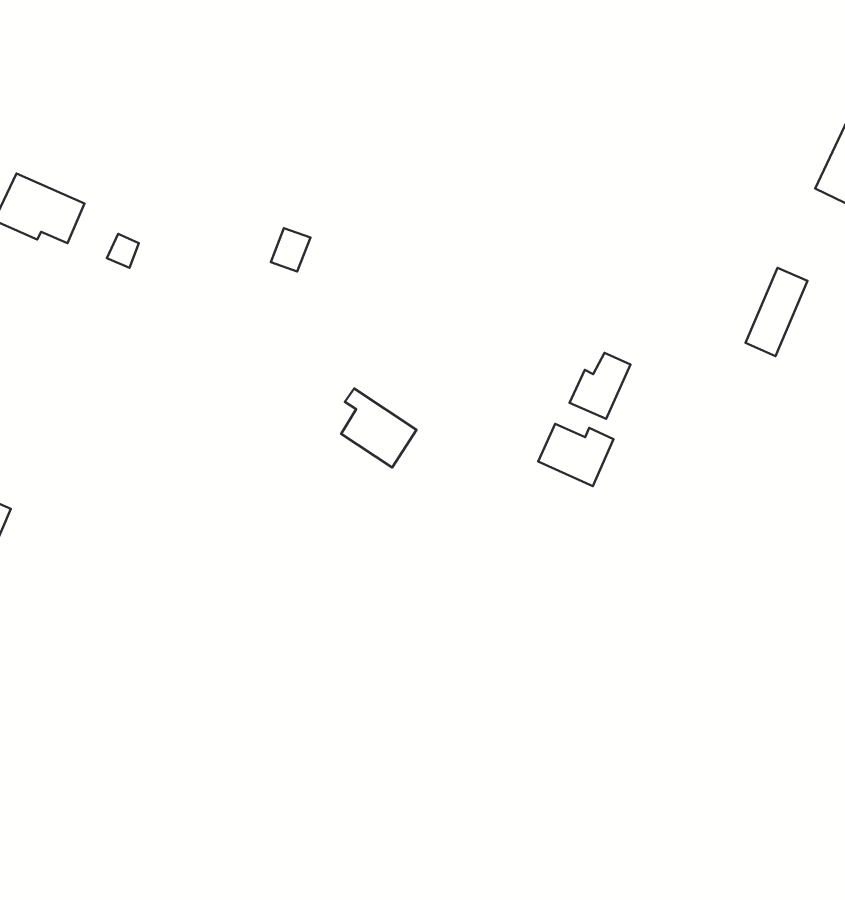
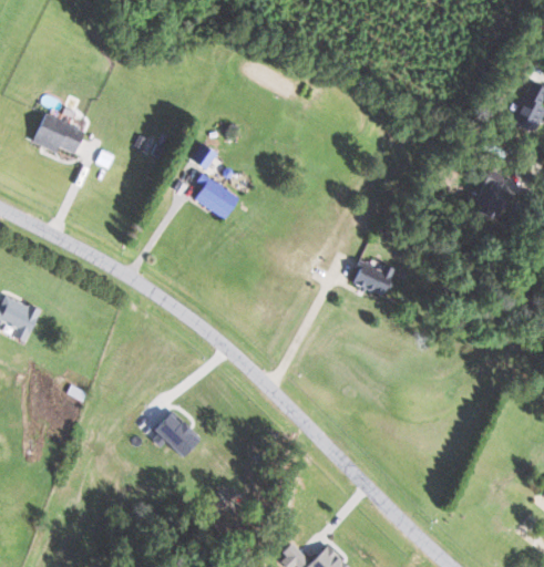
building: [570,353,630,419] -> none
building: [341,389,416,468] -> [195,173,239,219]
building: none -> [153,410,201,457]

